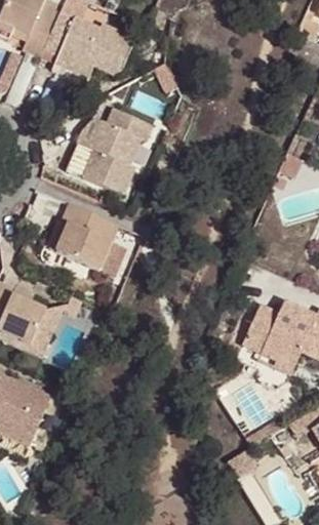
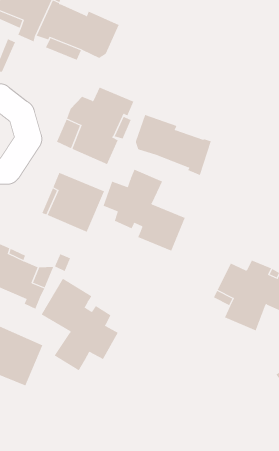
building: none -> [135,114,212,176]
building: none -> [103,169,185,252]
building: none -> [41,278,118,371]

